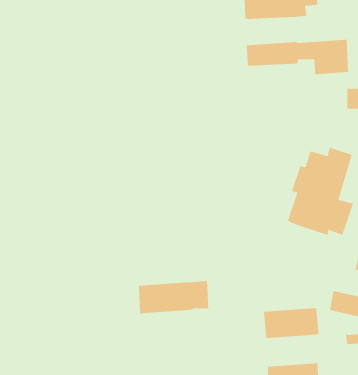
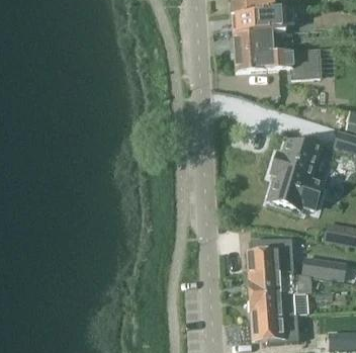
building: none -> [234,30,277,54]
building: none -> [248,238,293,273]
building: [138,281,209,314] -> [251,291,309,319]

